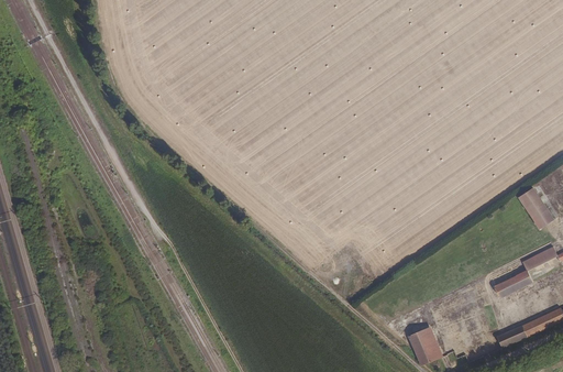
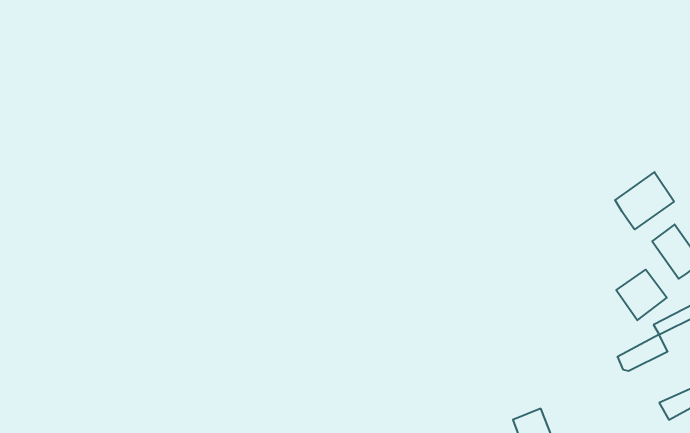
building: none -> [615,172,674,229]
building: none -> [616,270,667,320]

